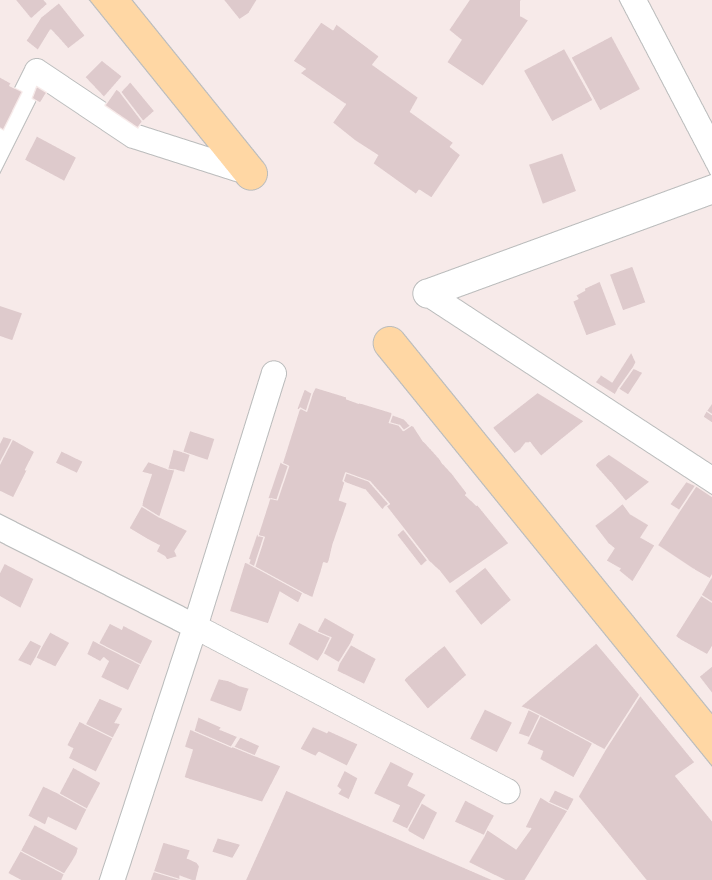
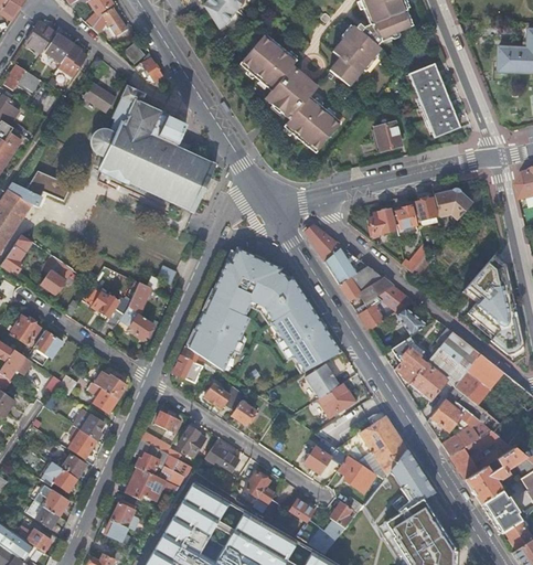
building: [523,49,593,122] -> [422,96,460,138]
building: none -> [90,85,216,214]
building: none -> [433,189,471,221]
building: none -> [369,210,394,235]
building: none -> [303,224,366,284]
building: none -> [358,286,413,330]
building: none -> [82,285,129,328]
building: none -> [409,363,446,399]
building: [403,645,467,710] -> [317,382,354,418]
building: none -> [178,426,205,459]
building: none -> [126,468,179,503]

